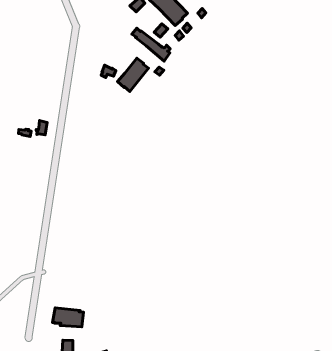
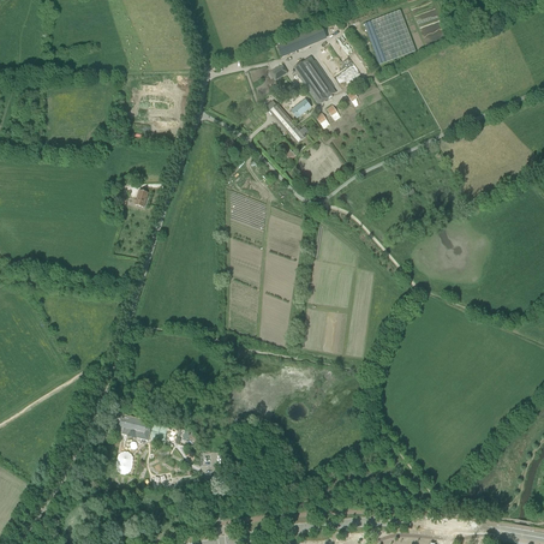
building: [117,58,148,91] -> none

